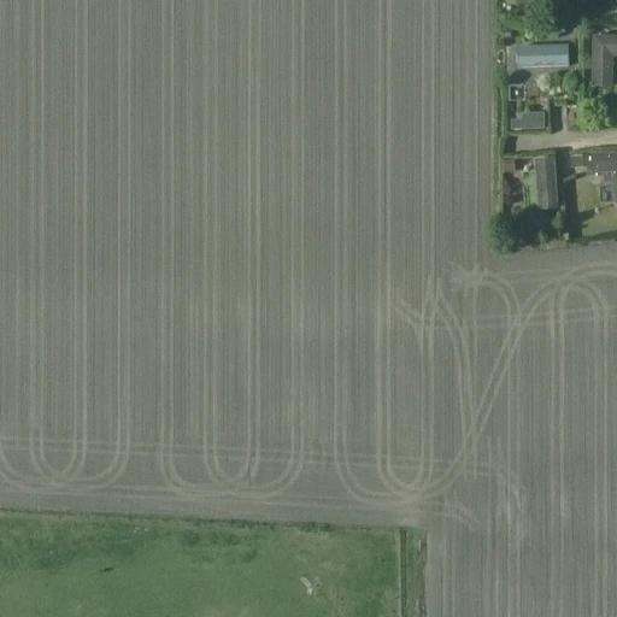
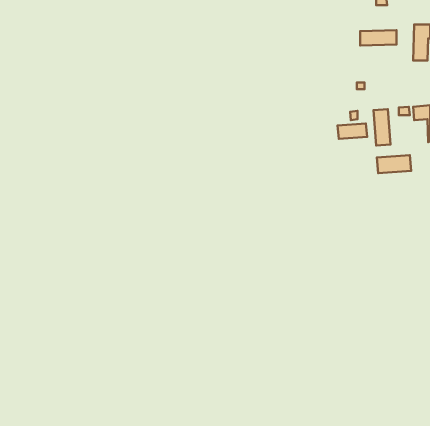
building: none -> [338,123,367,139]
building: none -> [377,155,411,173]

